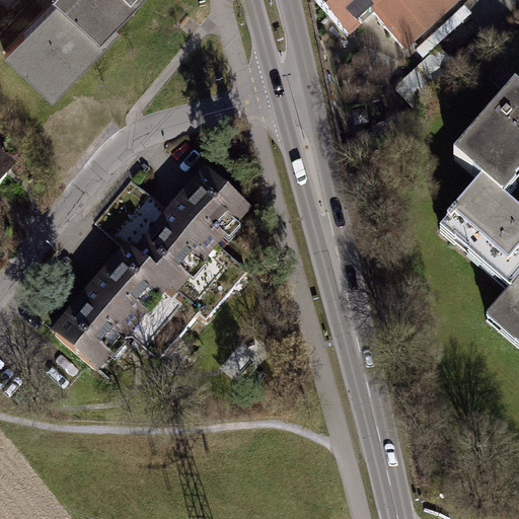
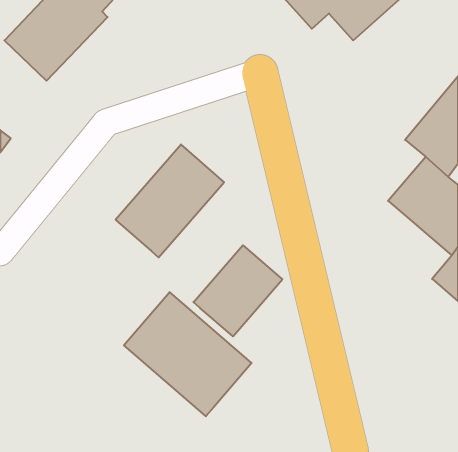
building: [53,244,171,368] -> none
building: none -> [193,245,282,336]
building: none -> [124,292,252,416]

